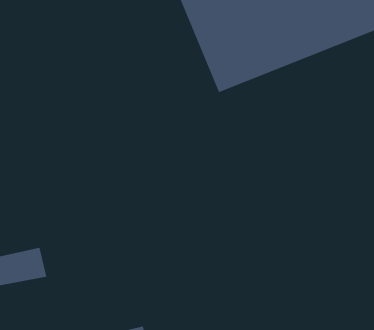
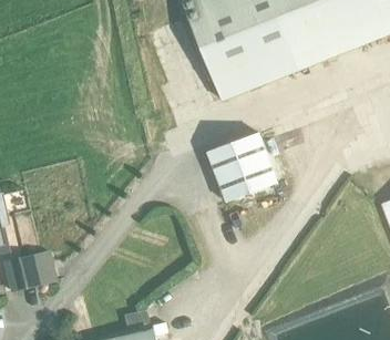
building: none -> [207,131,279,200]

